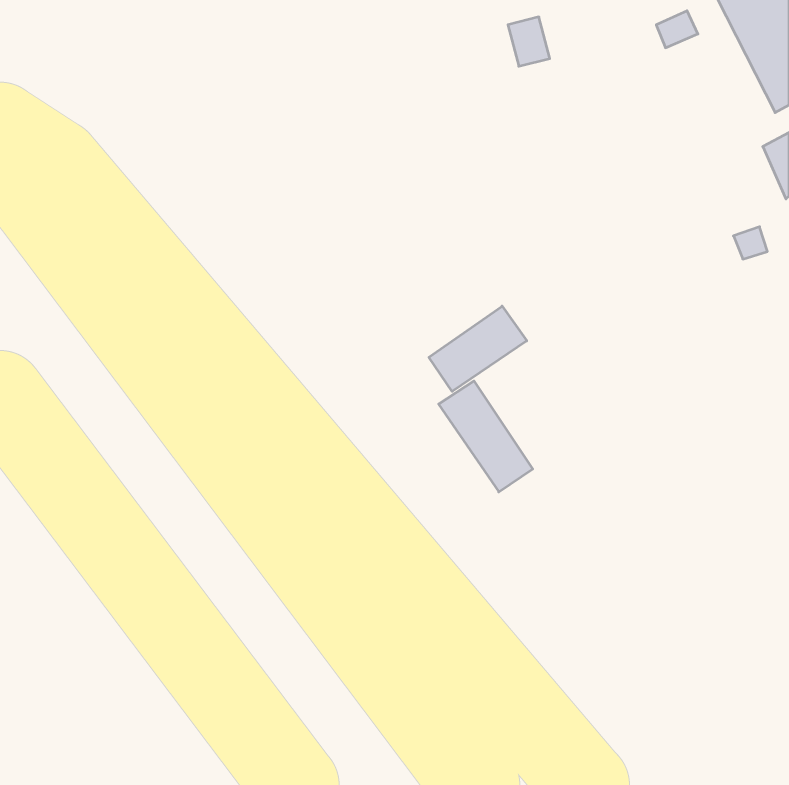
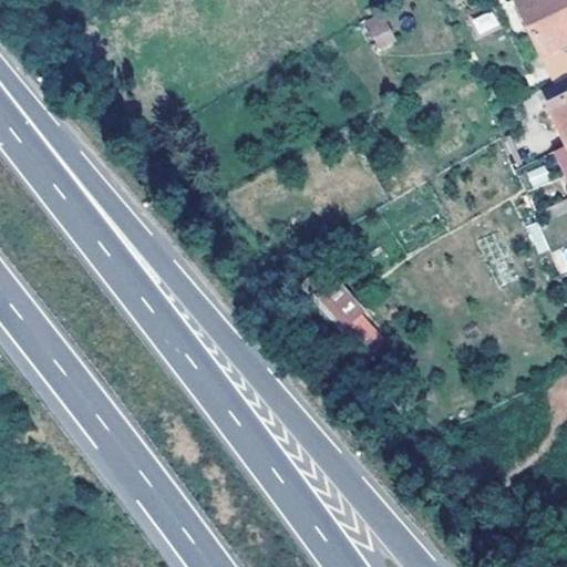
building: [429,306,527,391] -> none

